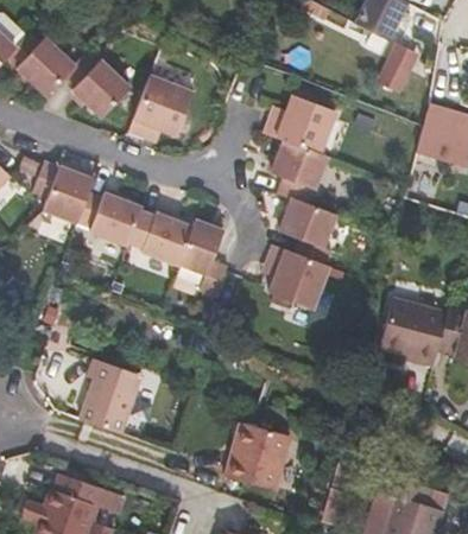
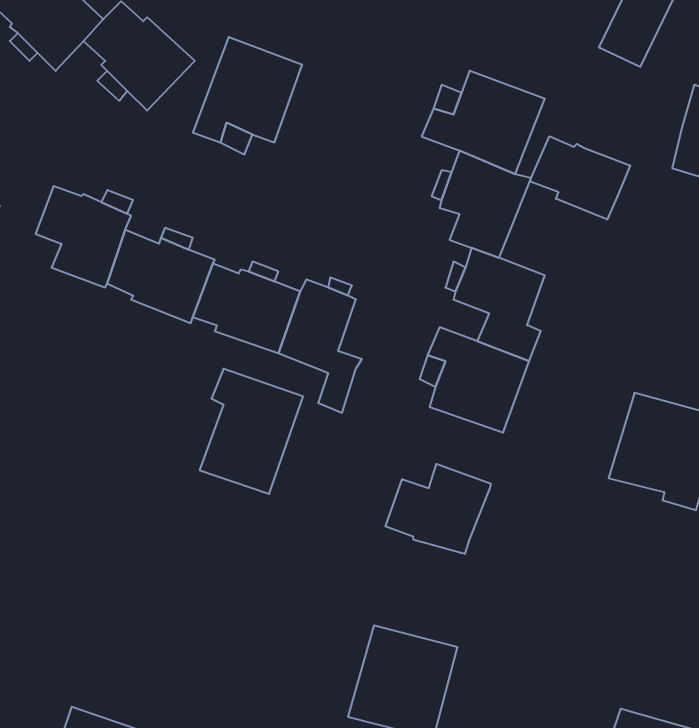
building: none -> [530,136,630,220]
building: none -> [385,464,491,554]
building: [76,361,138,436] -> [200,369,303,494]

